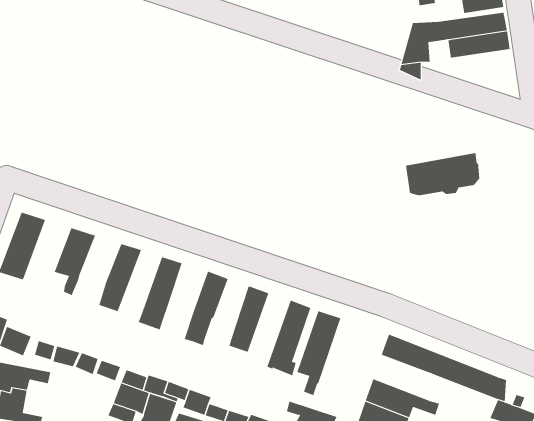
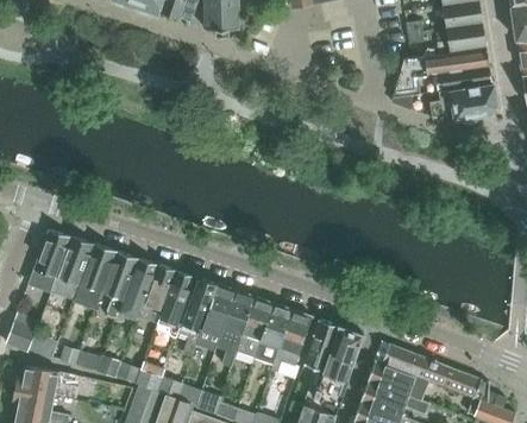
building: [405,152,480,196] -> [428,83,496,122]
building: none -> [51,238,94,299]
building: none -> [101,252,139,321]
building: none -> [138,265,176,324]
building: none -> [178,278,218,356]
building: none -> [215,291,255,367]
building: none -> [255,304,293,371]
building: none -> [314,327,364,412]
building: none -> [368,360,428,402]

